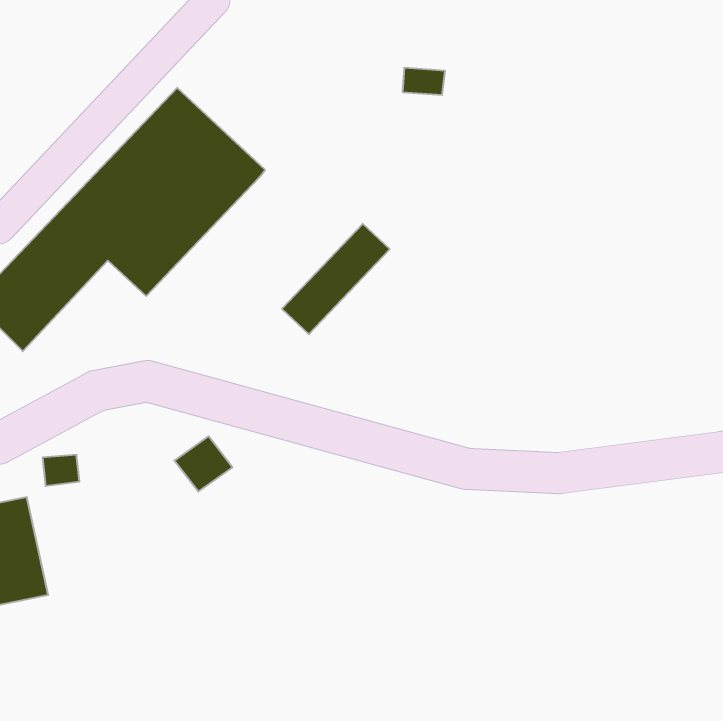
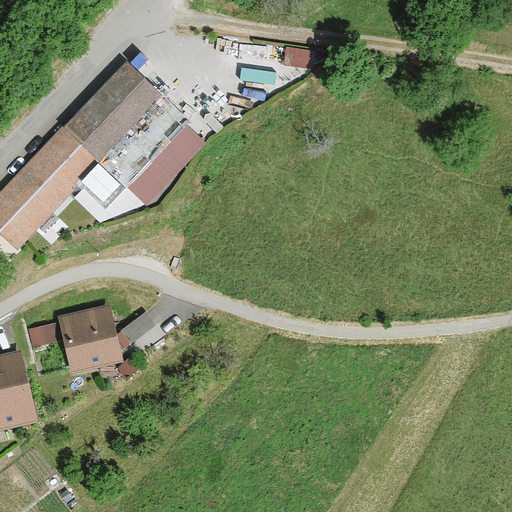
building: [282,224,390,334] -> [126,127,202,205]
building: none -> [59,307,122,374]

